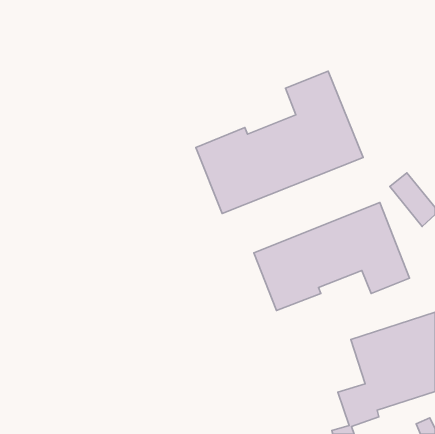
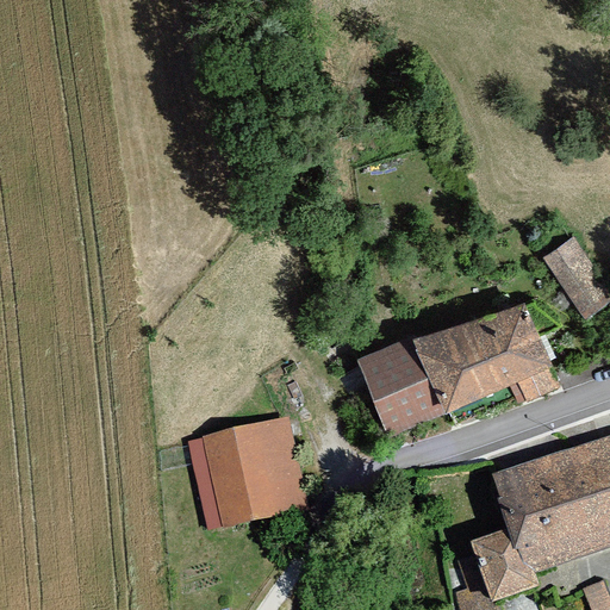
building: [196,71,363,214] -> none
building: none -> [187,418,307,530]

